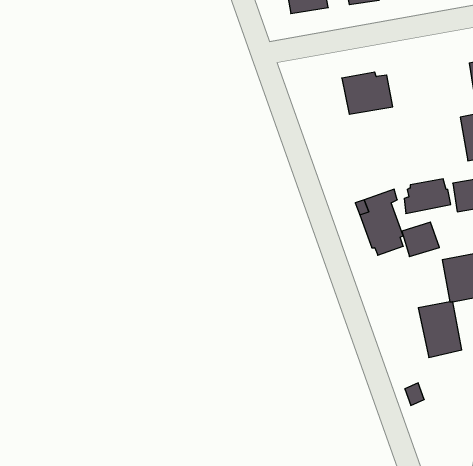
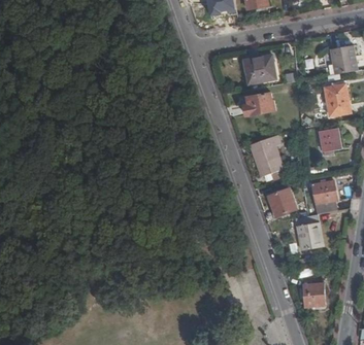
building: [404,179,451,213] -> [244,92,276,115]
building: [402,222,439,257] -> [270,192,296,215]
building: none -> [303,280,326,305]

